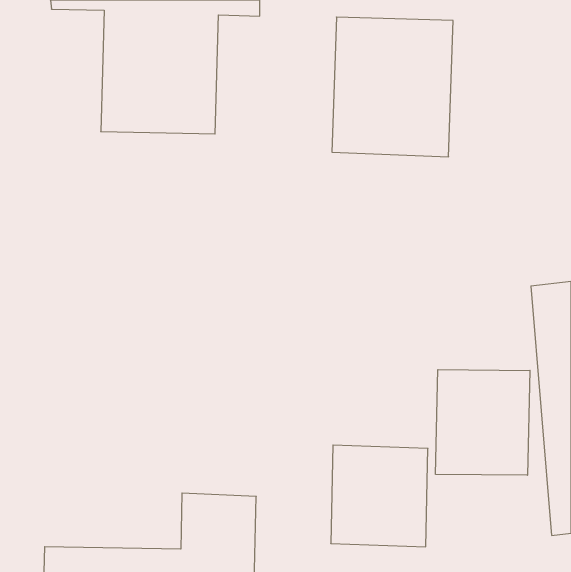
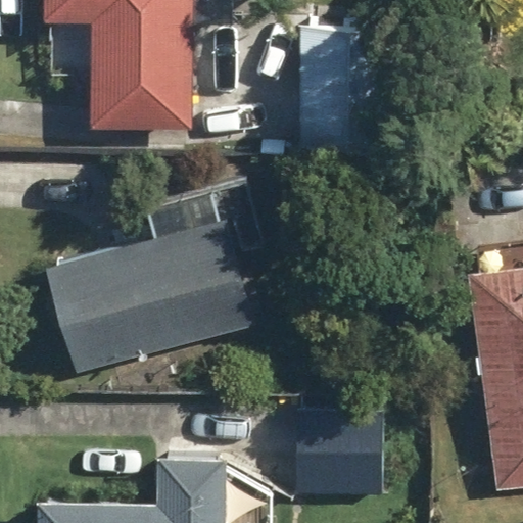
building: none -> [48,215,256,371]
building: [436,370,530,475] -> none

